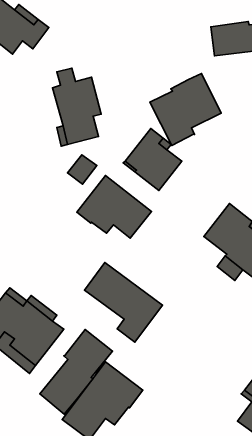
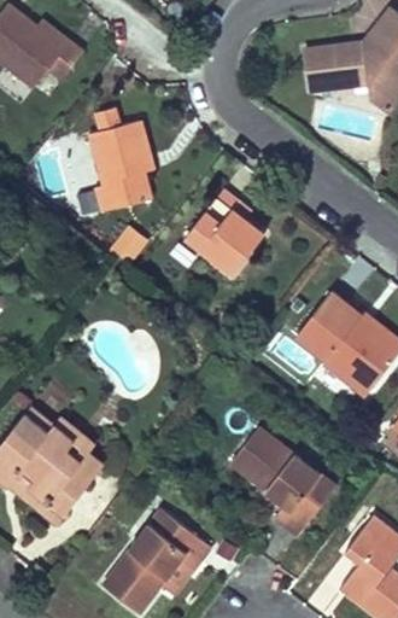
building: [150,74,221,146] -> none
building: [77,175,152,238] -> none
building: [84,263,162,342] -> [229,426,335,535]
building: [40,329,113,414] -> none

